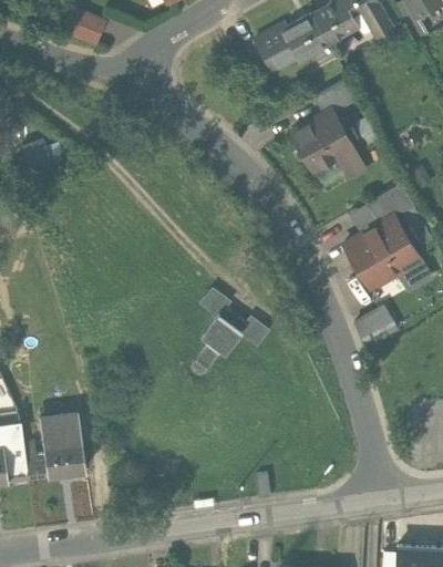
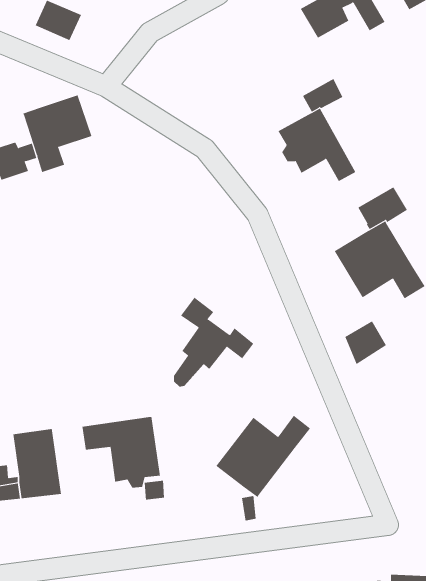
building: [256,16,328,72] -> none
building: none -> [22,94,92,173]
building: none -> [216,415,311,498]
building: none -> [82,416,160,488]

